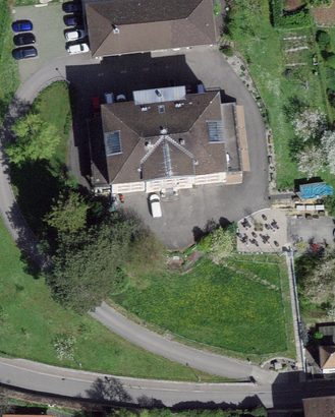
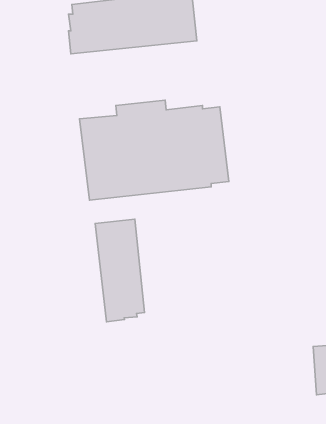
building: none -> [95,219,144,322]

